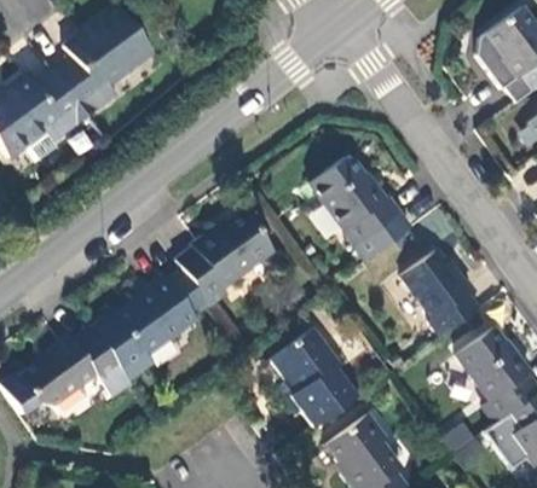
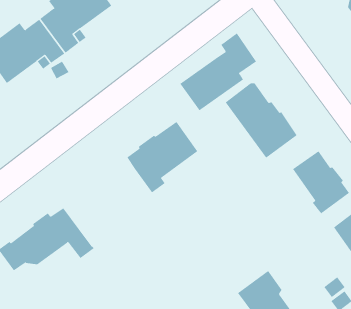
building: none -> [180,32,257,111]
building: [91,274,208,379] -> none
building: [270,325,357,426] -> none

